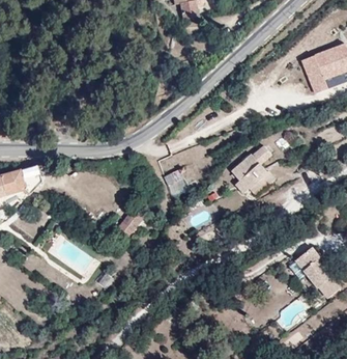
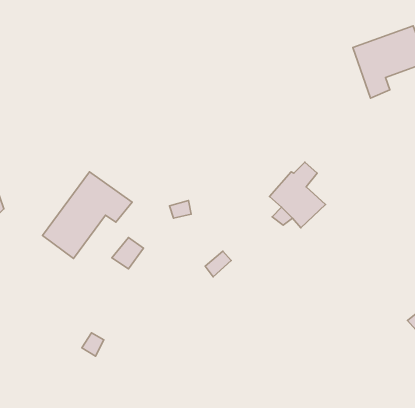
building: none -> [43,172,132,258]
building: [299,244,340,293] -> none

